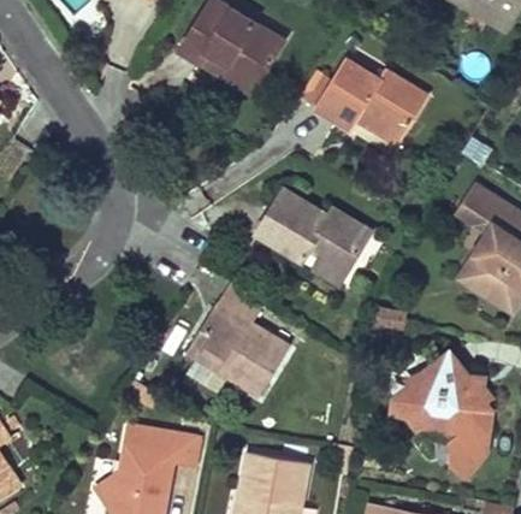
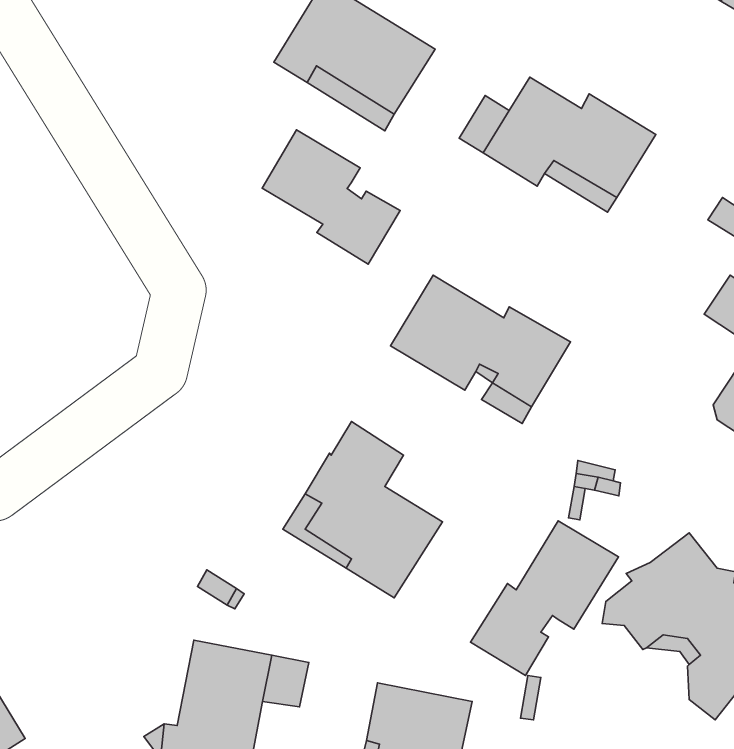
building: none -> [262,130,400,264]
building: none -> [470,521,618,675]

